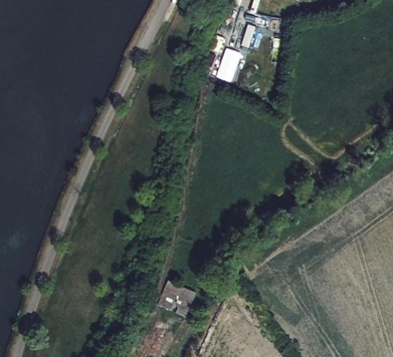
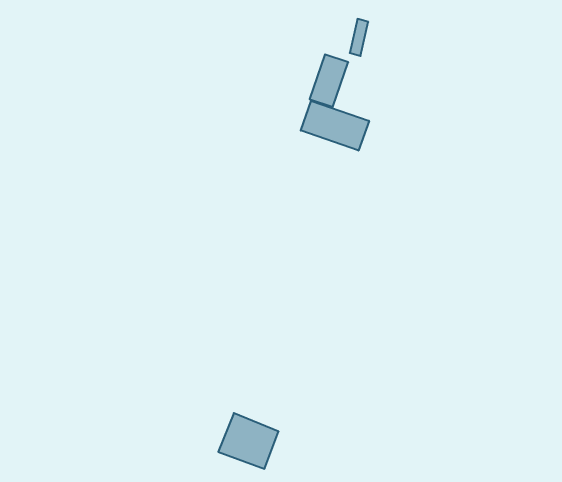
building: none -> [301,101,369,151]

